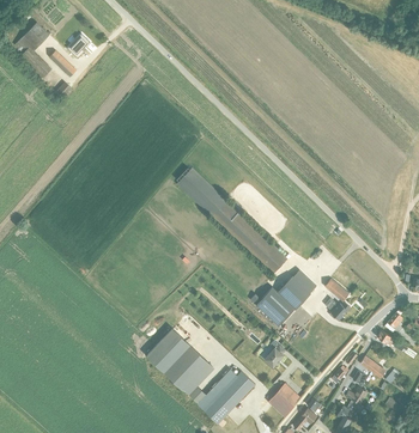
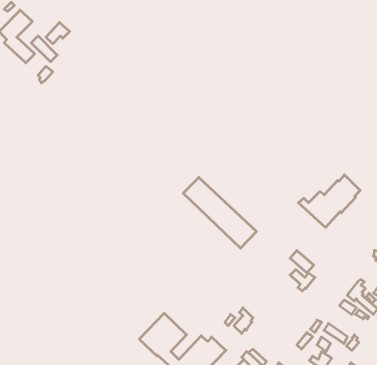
building: [177,167,227,216] -> none
building: [250,269,316,325] -> [298,175,360,227]
building: [146,328,190,372] -> none

